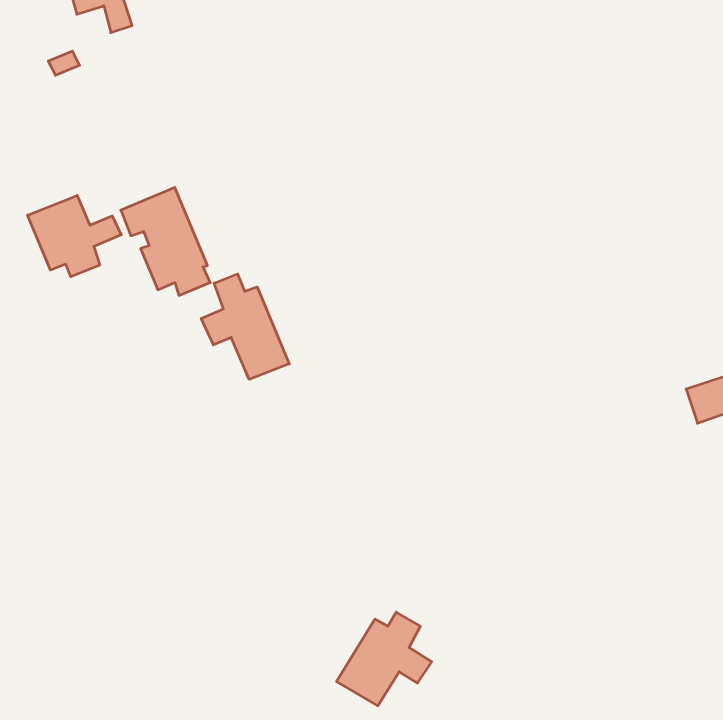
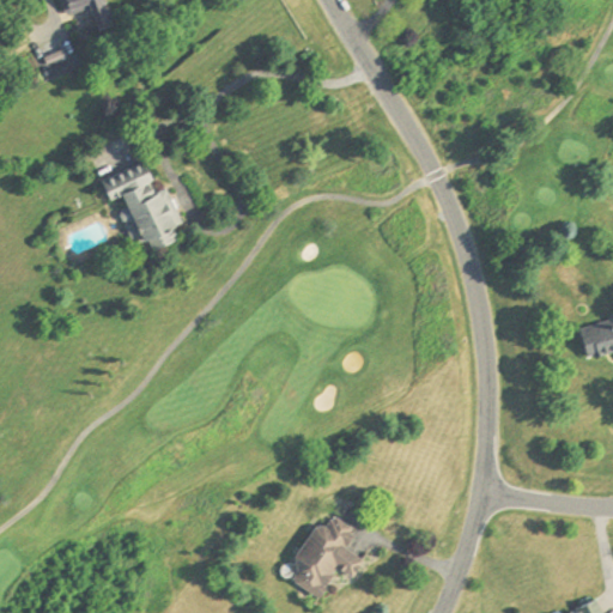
building: [28,195,121,277] -> none
building: [201,274,289,379] -> none

